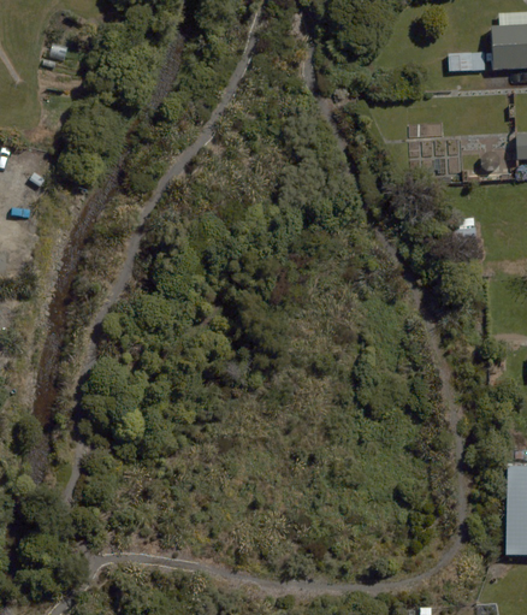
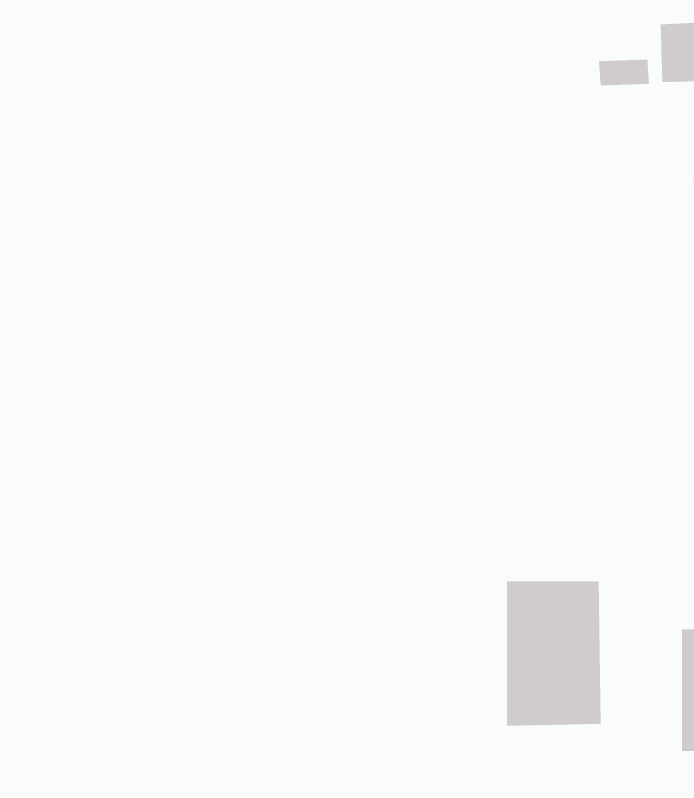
building: none -> [507,580,601,726]

